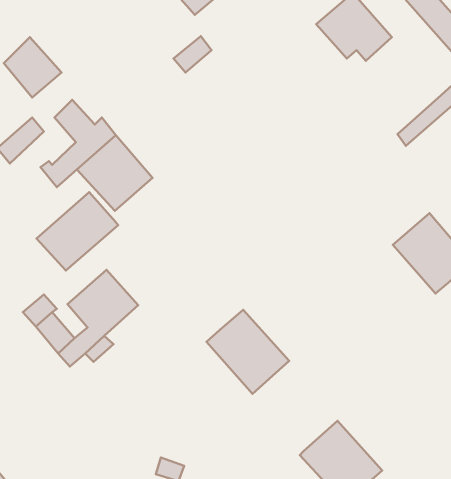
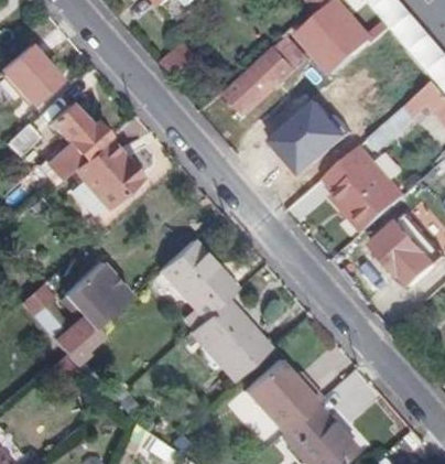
building: none -> [229,35,311,112]
building: none -> [270,100,352,173]
building: none -> [324,147,403,233]
building: [37,192,118,271] -> none
building: none -> [162,239,239,319]
building: none -> [246,358,324,432]

